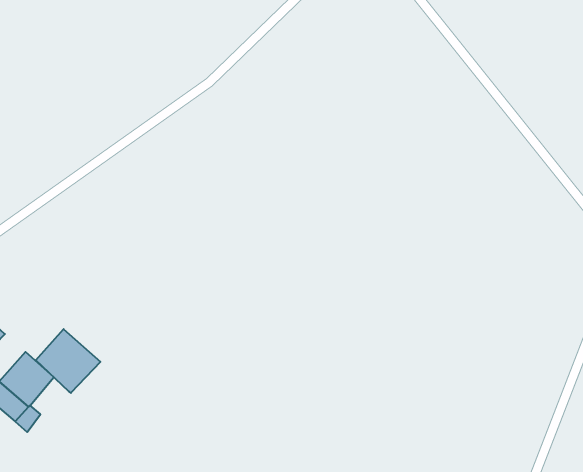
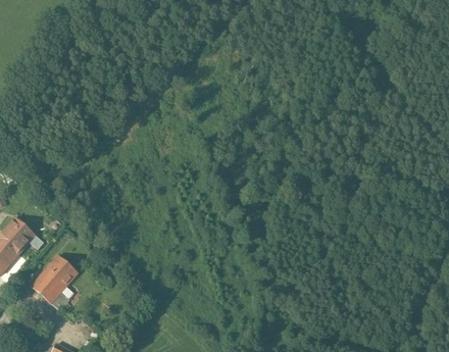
building: [36,329,100,393] -> none

